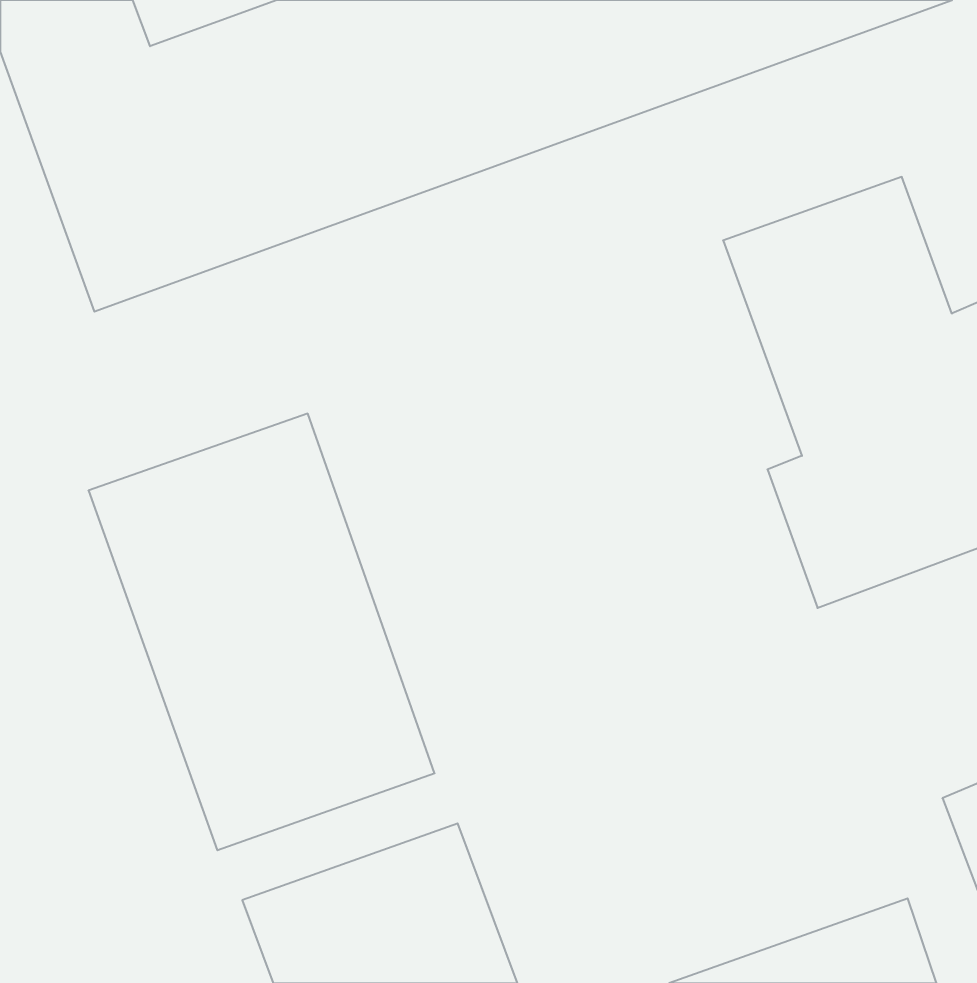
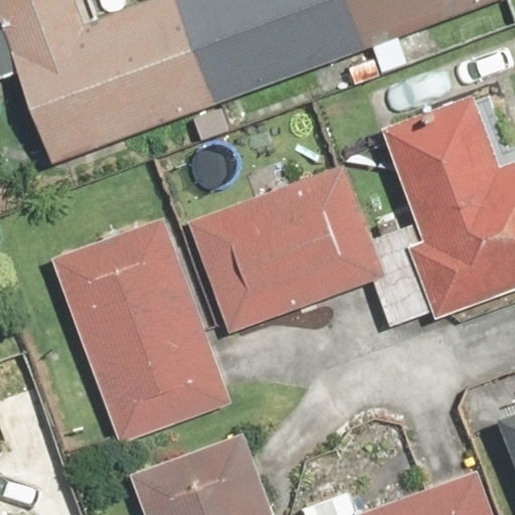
building: none -> [186,163,385,332]

